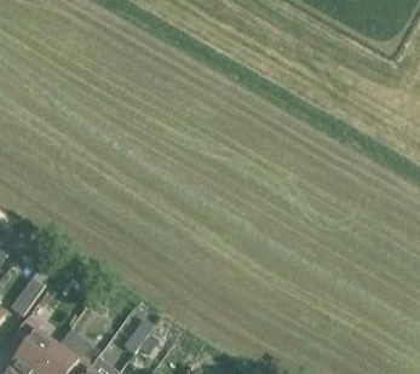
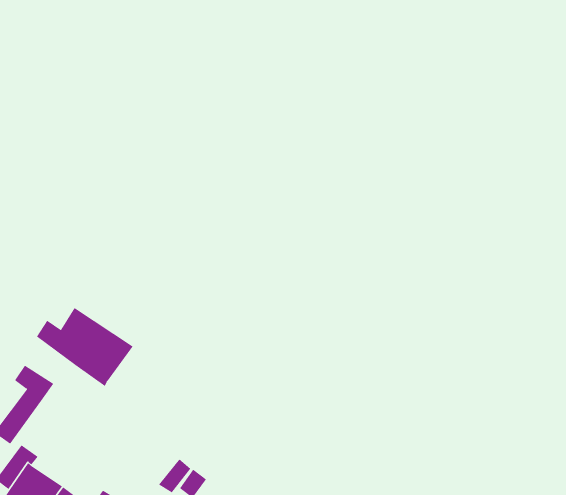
building: none -> [36,307,133,387]

